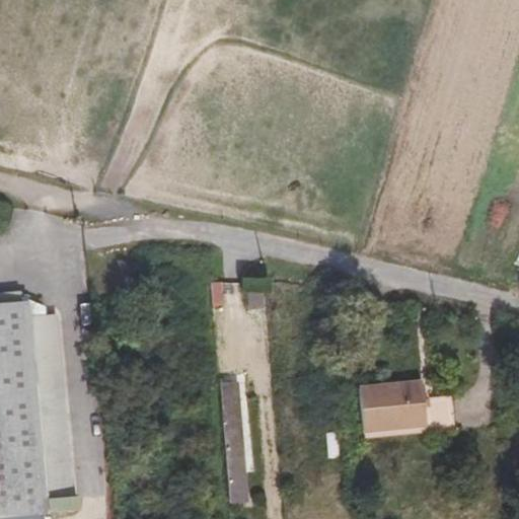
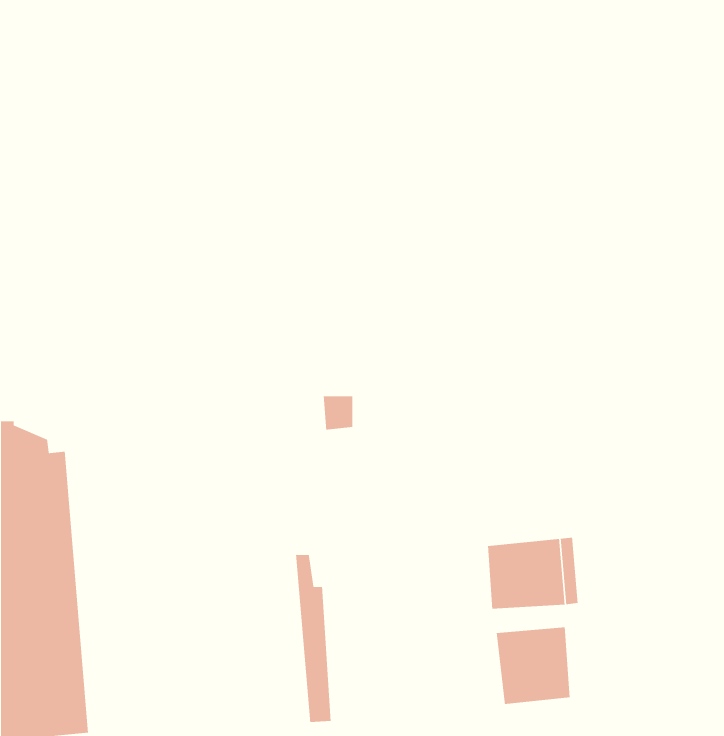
building: none -> [496,626,571,705]

